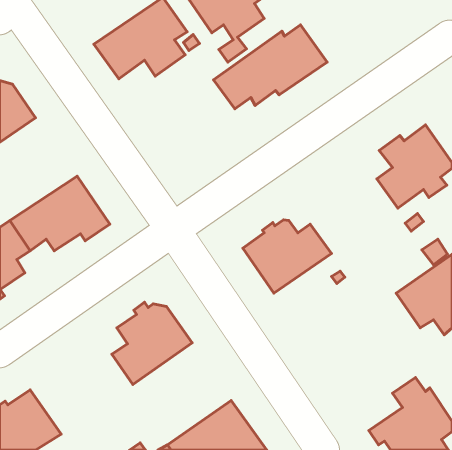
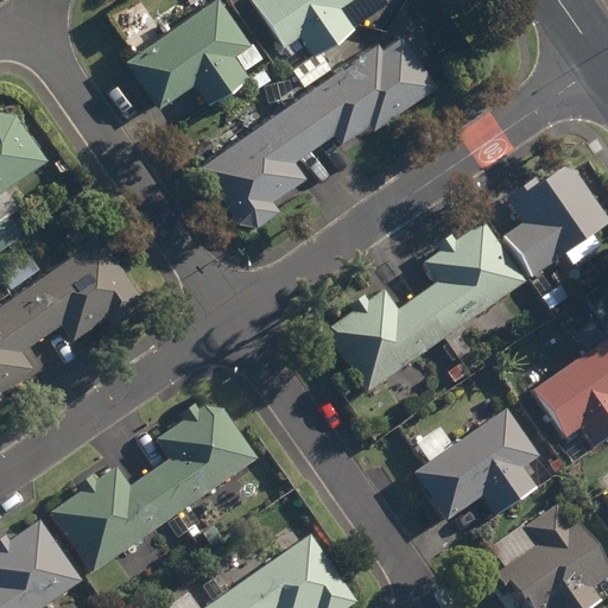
building: none -> [201,107,315,224]
building: none -> [416,223,526,340]
building: none -> [414,412,545,521]
building: none -> [52,468,178,574]

